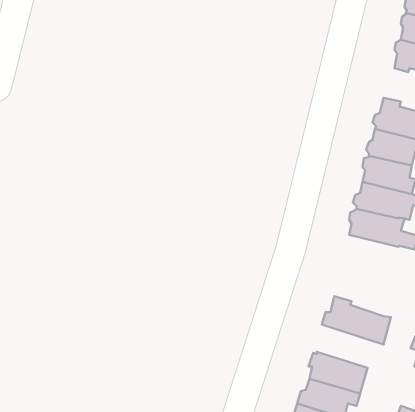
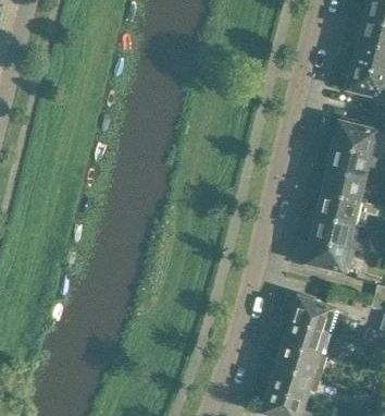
building: none -> [302,238,352,272]
building: none -> [281,318,339,358]

